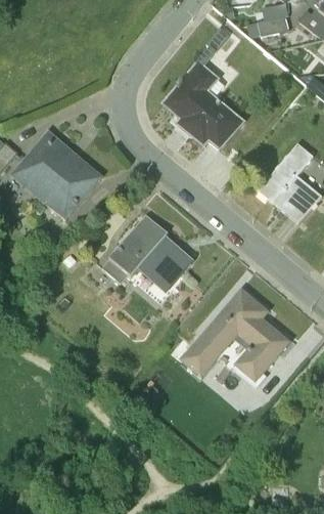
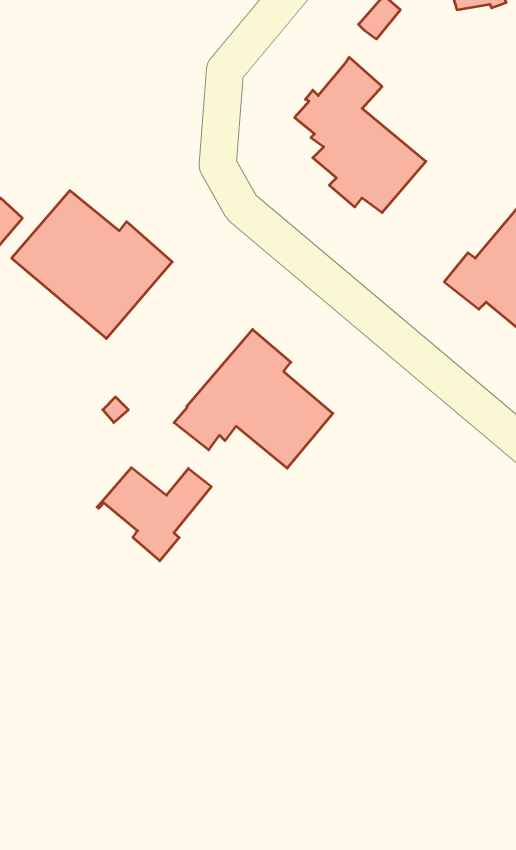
building: none -> [97,468,211,561]
building: [182,296,288,381] -> none

